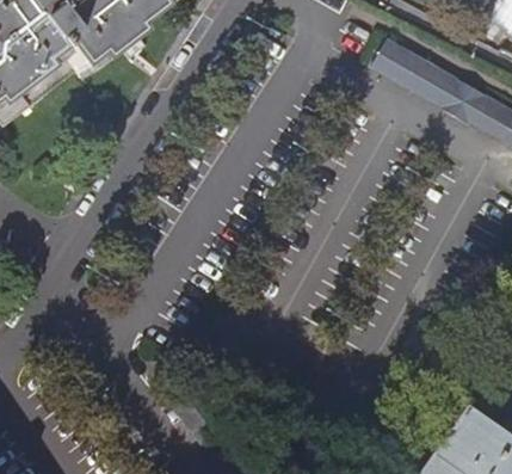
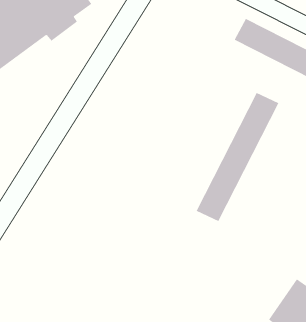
building: none -> [196,92,279,222]

